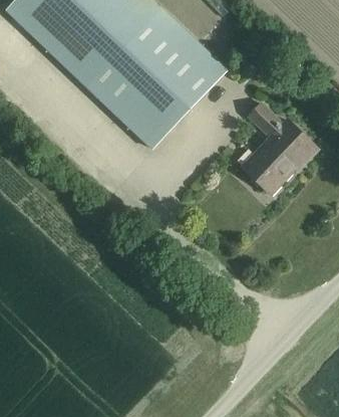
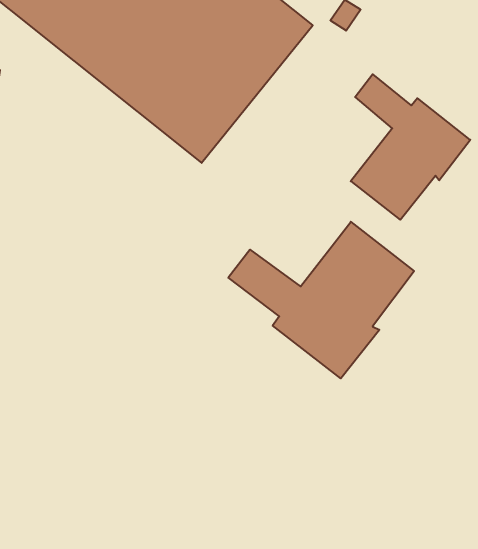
building: none -> [228,222,414,378]

